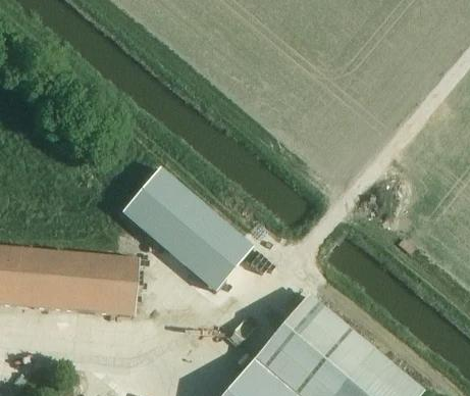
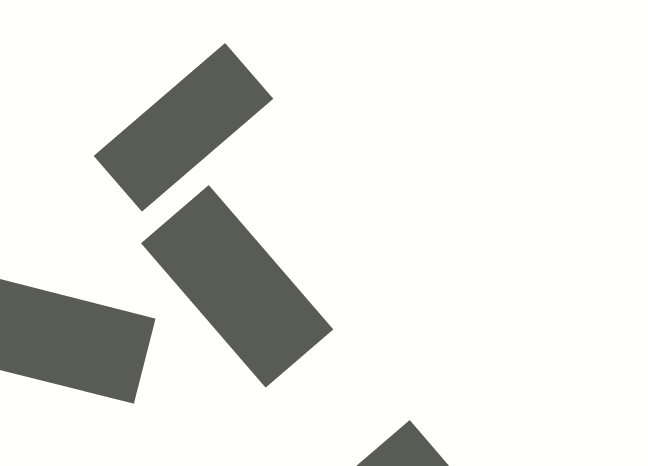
building: none -> [93,42,274,213]

